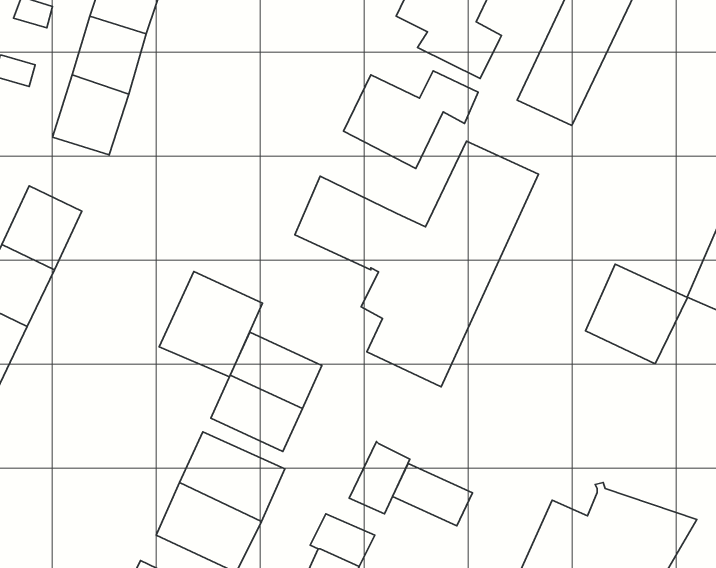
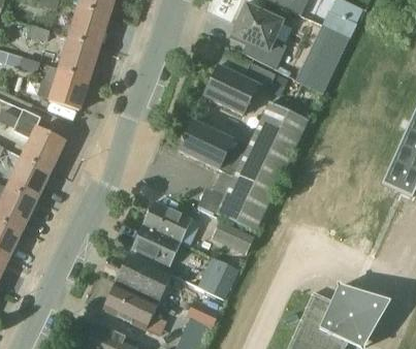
building: [586,264,687,364] -> none
building: [159,272,262,377] -> none
building: [392,463,472,526] -> [213,220,255,253]

